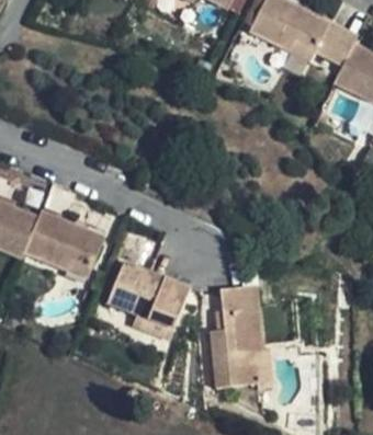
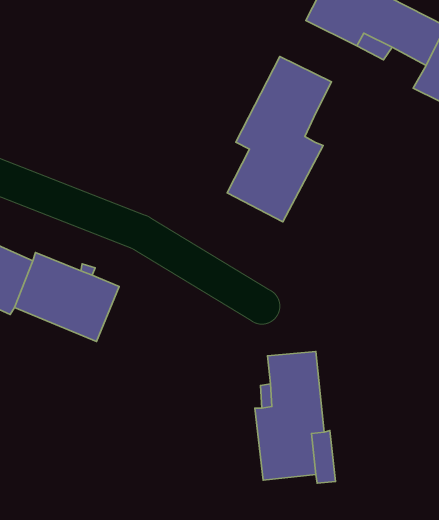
building: none -> [227,57,332,222]
building: [106,260,190,331] -> none

